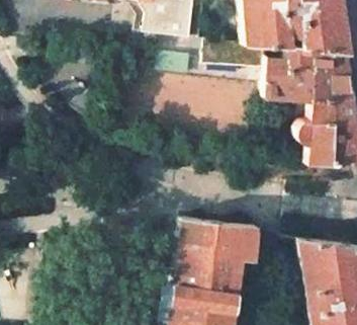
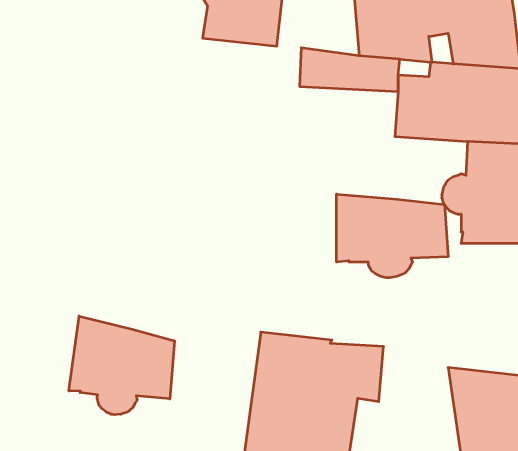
building: none -> [337,194,448,278]
building: none -> [69,316,174,415]

